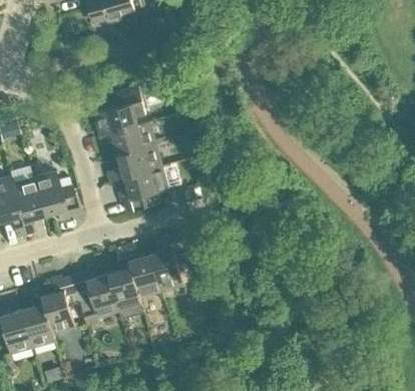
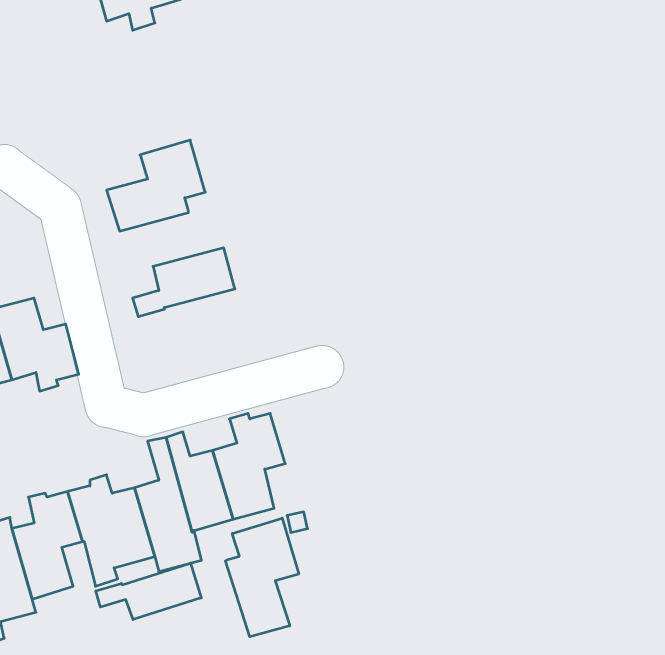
building: [98,122,156,155] -> none
building: [118,167,168,214] -> none
building: none -> [225,518,299,637]
building: none -> [96,563,201,620]

